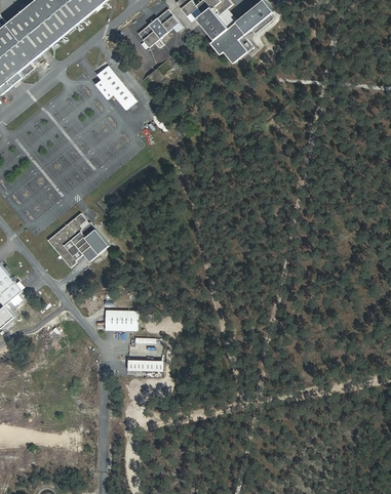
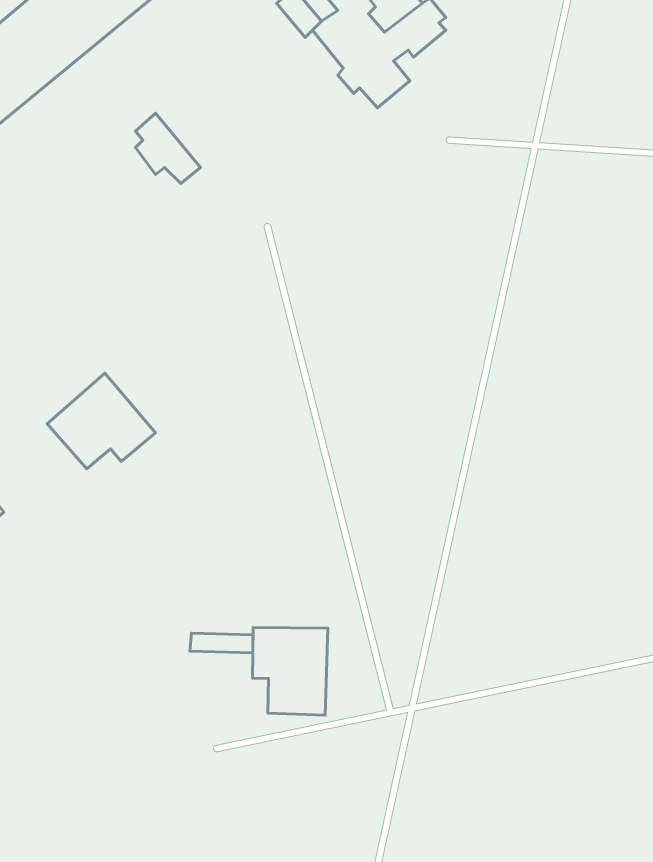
building: [139,9,184,48] -> none
building: [106,310,138,331] -> none
building: none -> [253,627,328,715]

